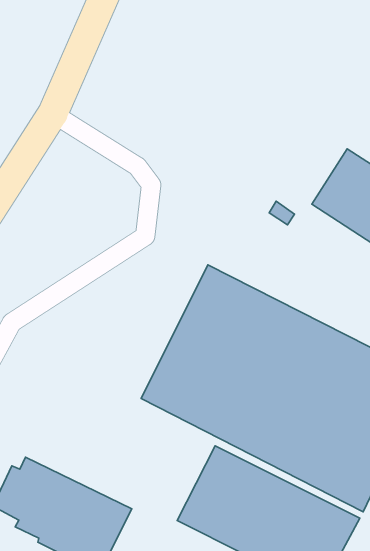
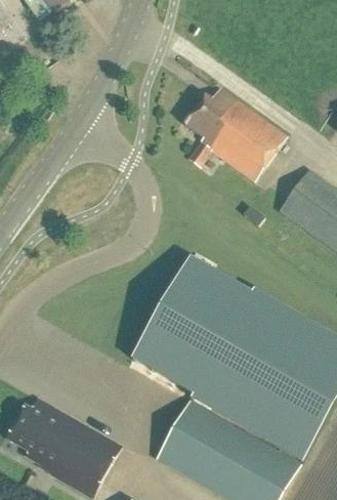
building: none -> [181,87,287,181]

